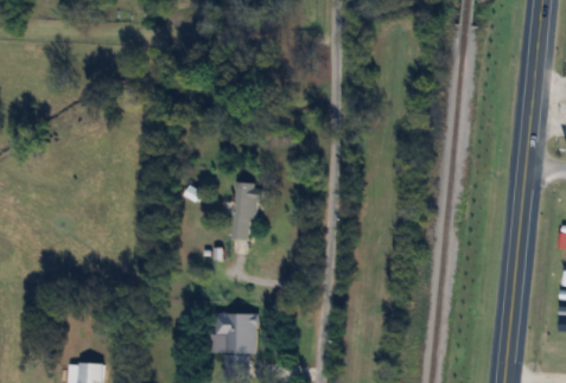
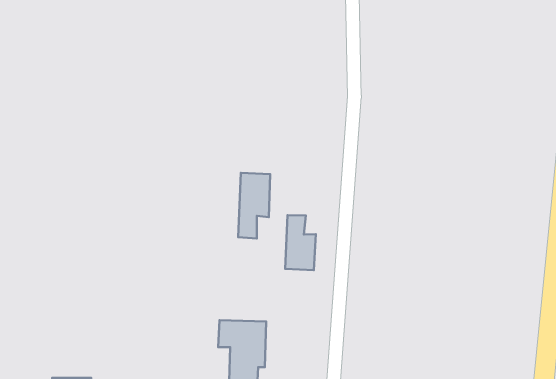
building: none -> [285,215,316,270]

